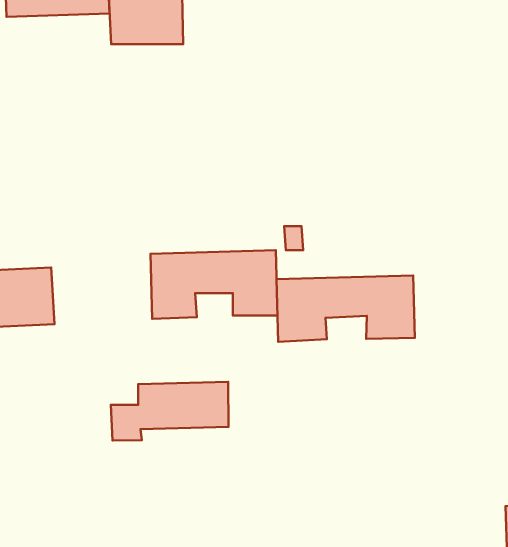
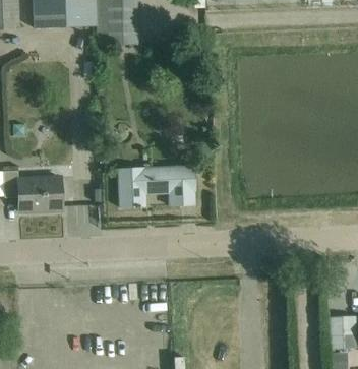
building: [276,276,415,342] -> none
building: [111,382,228,441] -> none

